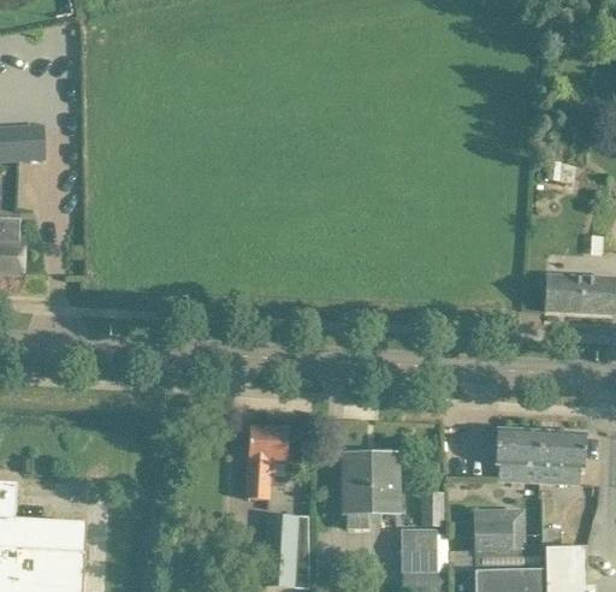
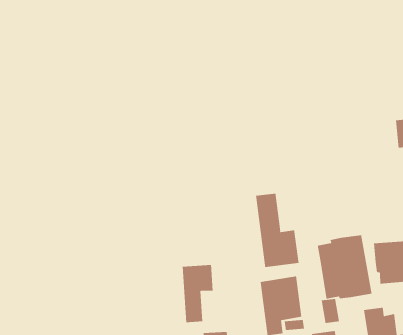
building: none -> [255,193,299,268]
building: none -> [317,234,372,299]

